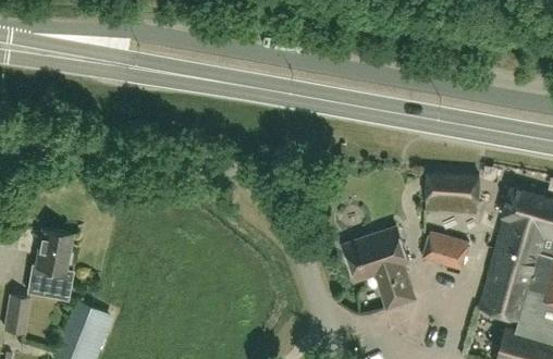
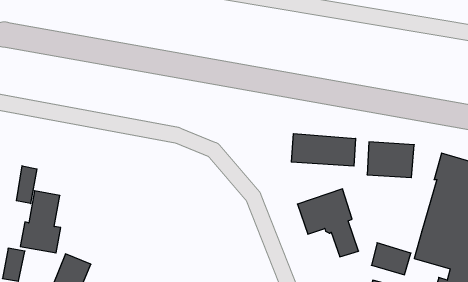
building: none -> [291,134,356,166]
building: none -> [16,166,37,204]
building: [423,232,469,269] -> [371,243,411,275]

